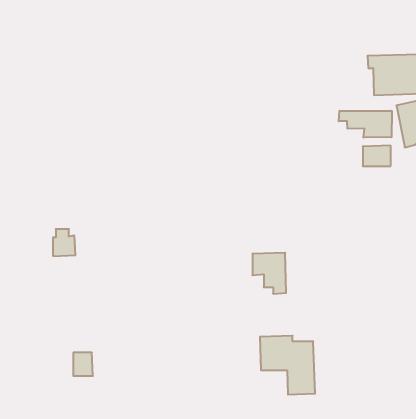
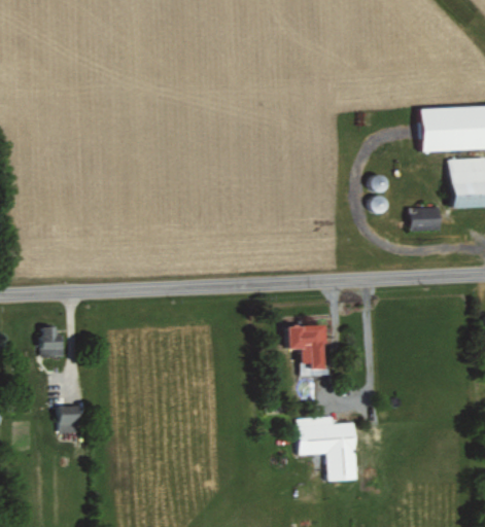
building: [339,111,392,138] -> none
building: [53,229,75,256] -> [39,327,64,357]
building: [73,353,93,376] -> [59,407,80,432]

